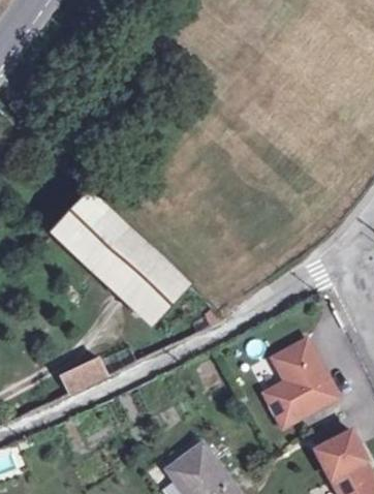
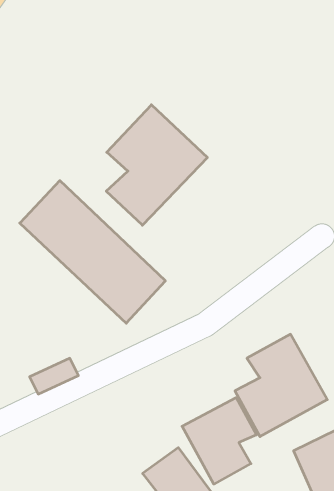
building: none -> [106,105,207,225]
building: none -> [182,398,256,484]

